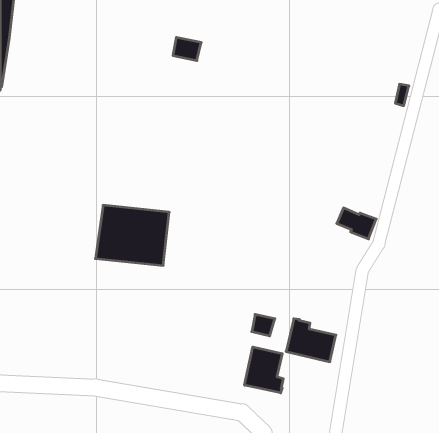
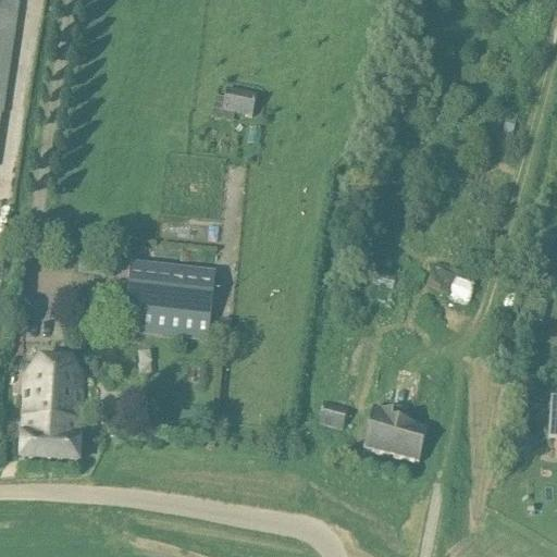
building: [173,37,201,61] -> [221,84,257,113]
building: none -> [20,355,82,457]
building: [245,347,283,393] -> none

